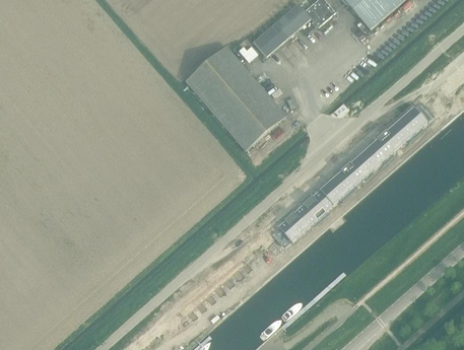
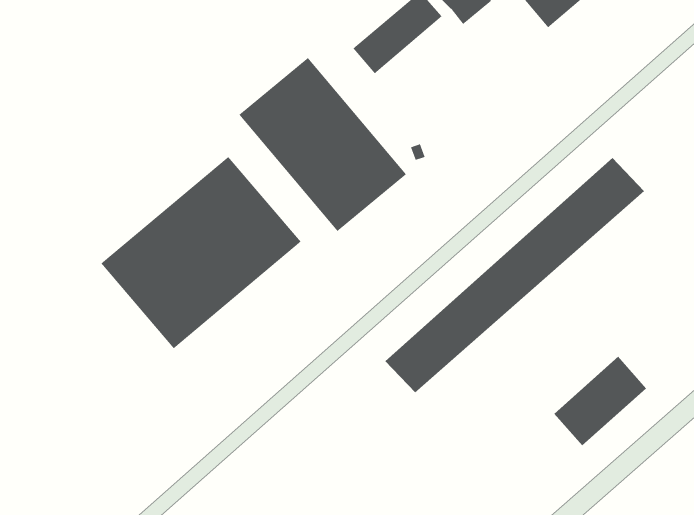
building: none -> [101,156,301,349]
building: none -> [553,356,647,446]

